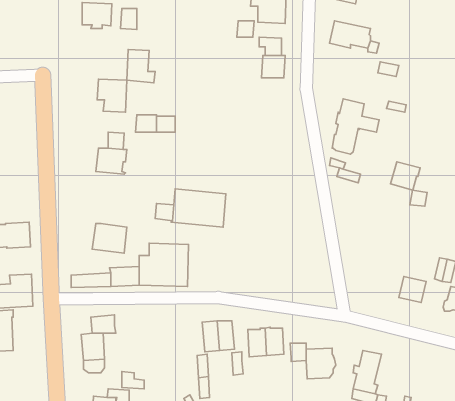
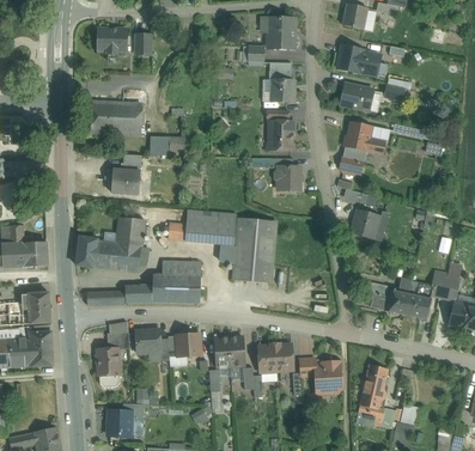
building: [127,49,155,83] -> [92,100,120,133]
building: none -> [340,83,373,110]
building: none -> [268,117,294,150]
building: none -> [276,165,300,189]
building: [391,162,420,190] -> [351,209,379,237]
building: none -> [116,217,145,245]
building: none -> [232,218,276,281]
building: none -> [75,236,111,267]
building: none -> [365,278,412,313]
building: none -> [30,323,53,365]
building: none -> [135,328,162,353]
building: none -> [176,333,201,355]

